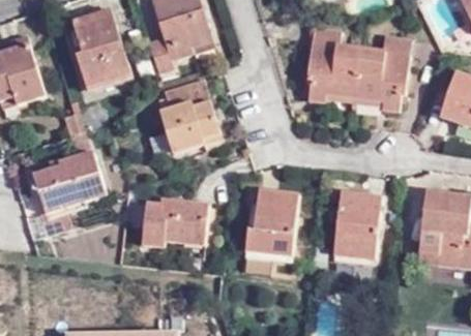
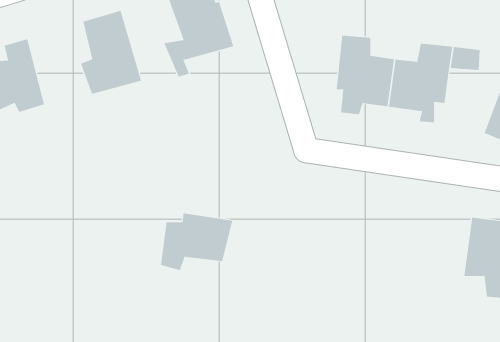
building: [164,84,222,154] -> none
building: [38,151,105,209] -> none
building: [252,189,304,253] -> none
building: [332,195,379,264] -> none

